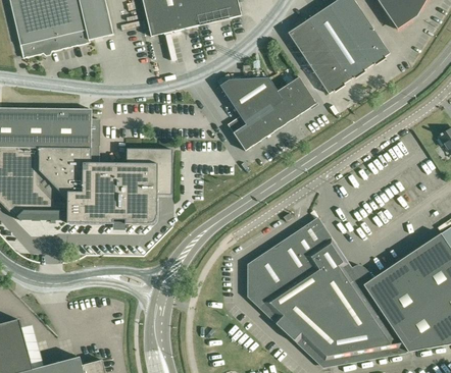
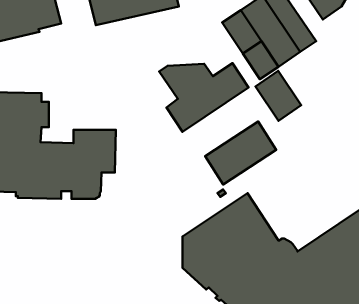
building: none -> [255,71,301,121]
building: none -> [205,121,276,185]

